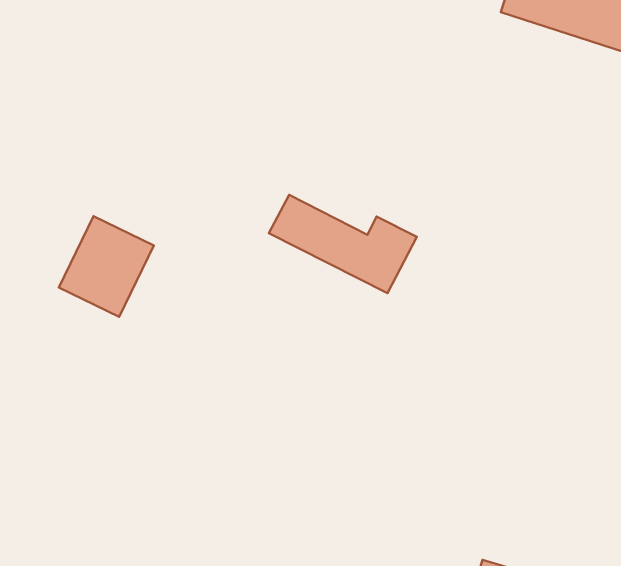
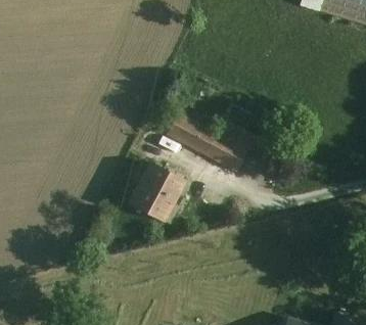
building: [59,216,154,317] -> [129,163,182,219]

